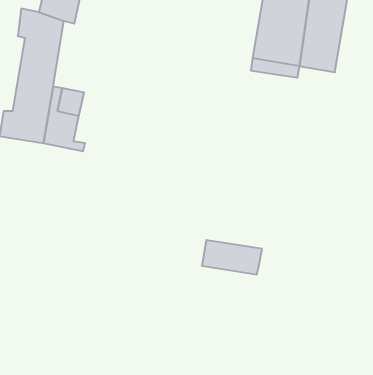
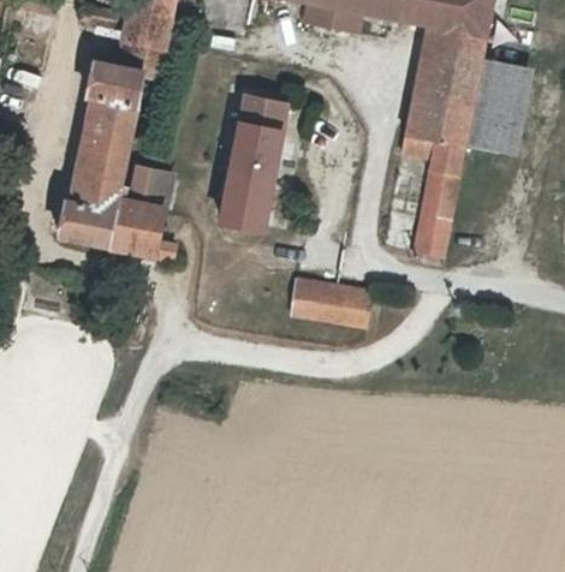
building: none -> [219,96,284,231]
building: none -> [415,155,462,256]
building: [202,240,262,275] -> [290,276,371,323]

